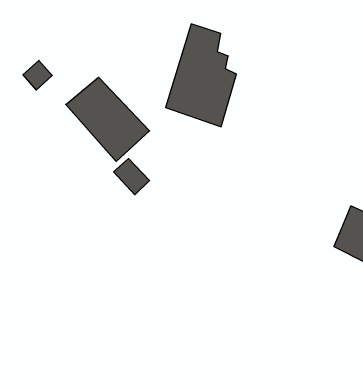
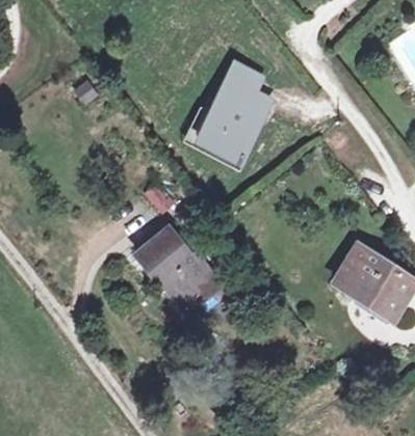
building: [66,77,150,161] -> none
building: none -> [139,231,223,309]

